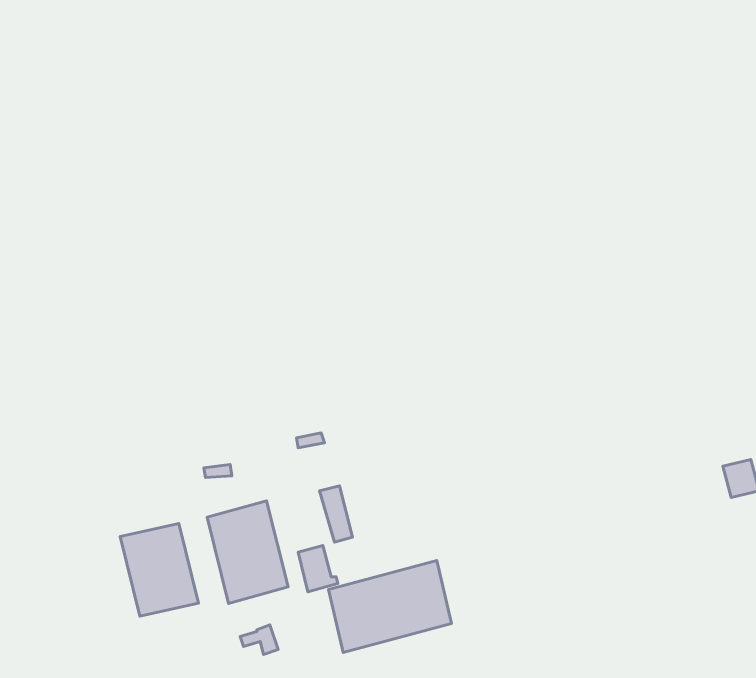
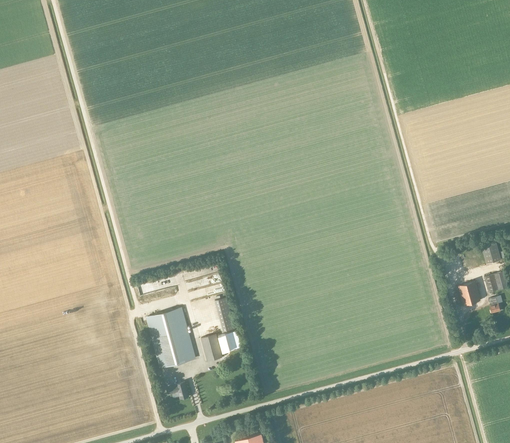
building: [120,523,199,616] -> none
building: [329,561,451,652] -> none

